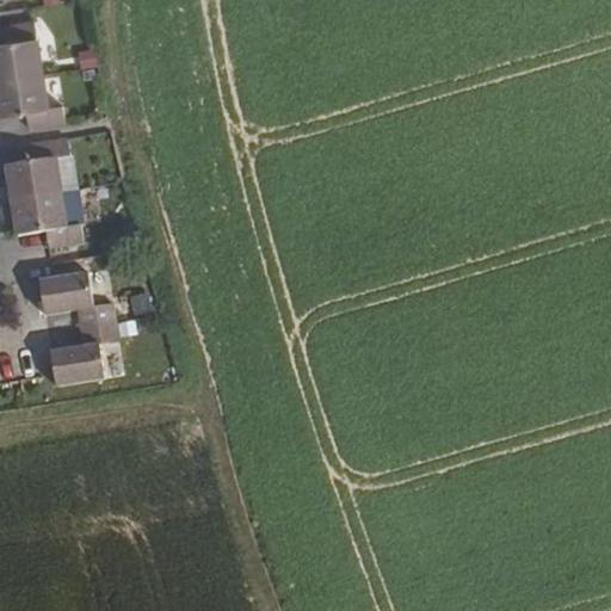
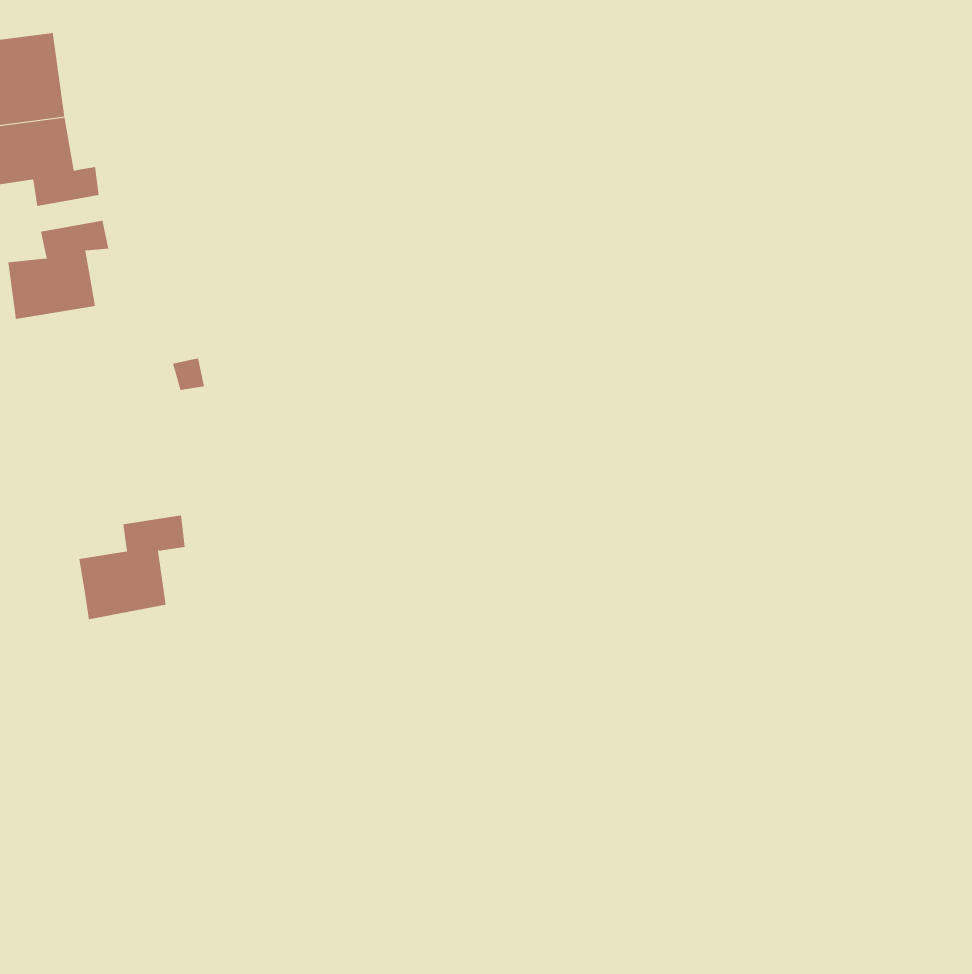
building: [10,191,81,249] -> none
building: [38,272,113,327] -> none

